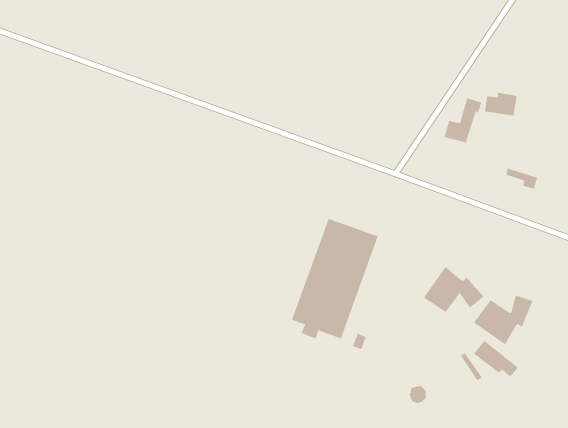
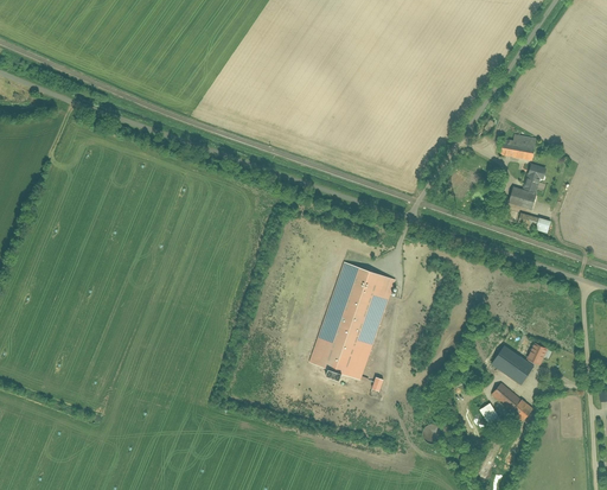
building: [444,98,482,143] -> [511,163,549,208]
building: [423,266,484,313] -> none

